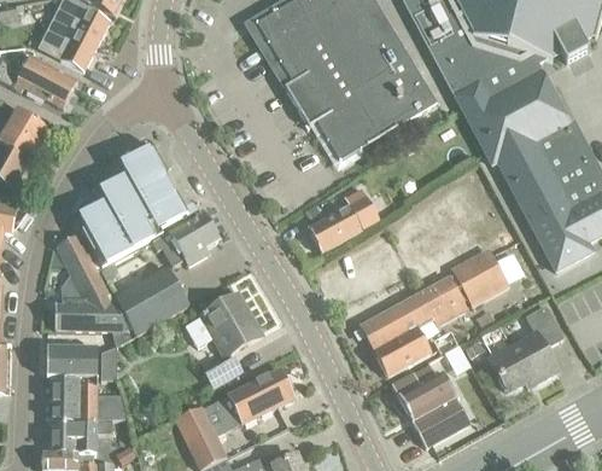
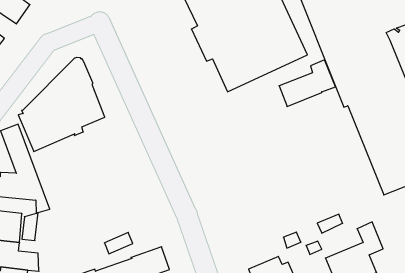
building: [306,187,379,252] -> [279,60,336,107]
building: [151,214,216,263] -> none
building: [454,252,508,304] -> none
building: [115,267,187,333] -> none
building: [362,275,466,376] -> none
building: [185,292,261,354] -> none

